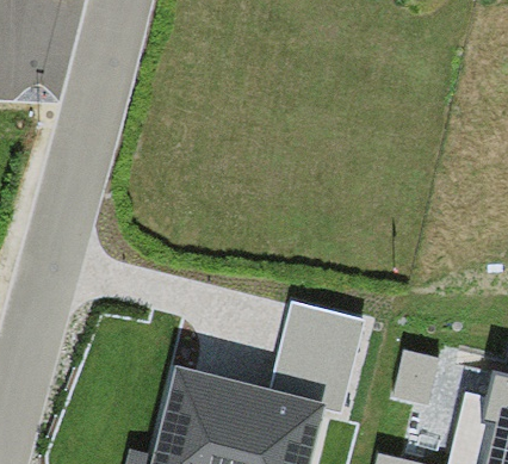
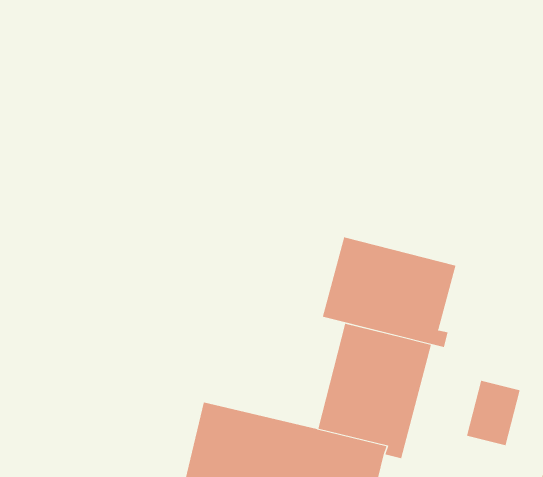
building: none -> [322,236,456,348]

